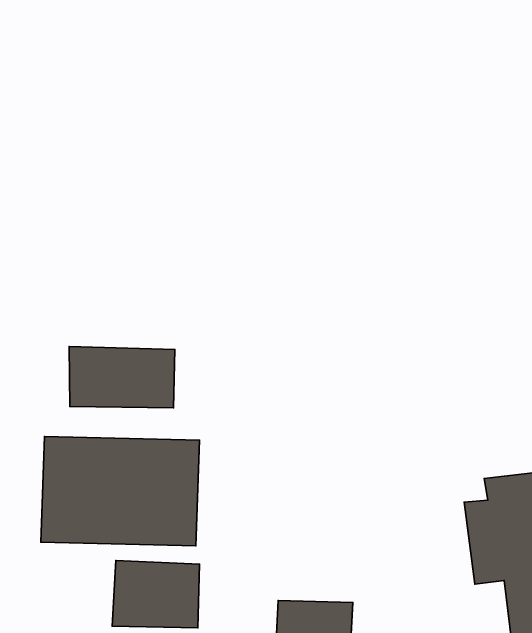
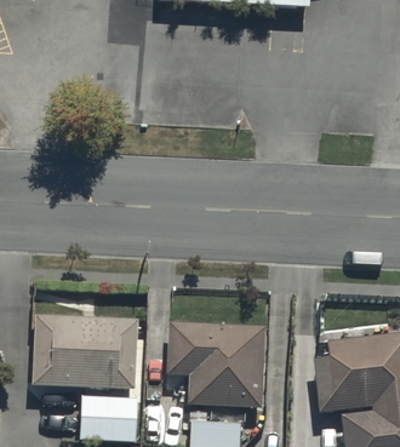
building: [69,346,175,408] -> none
building: none -> [166,321,263,406]

